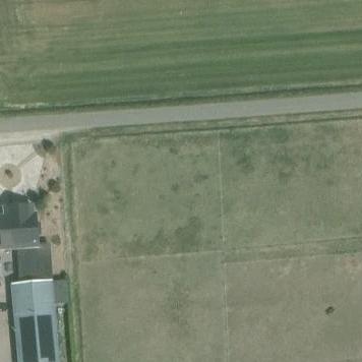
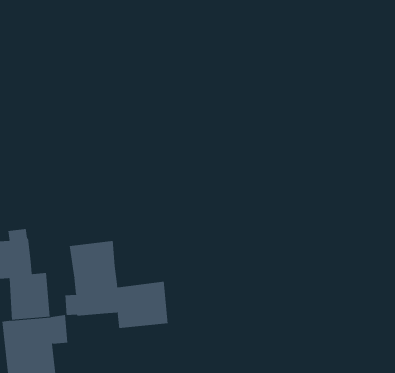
building: none -> [65,240,168,329]

